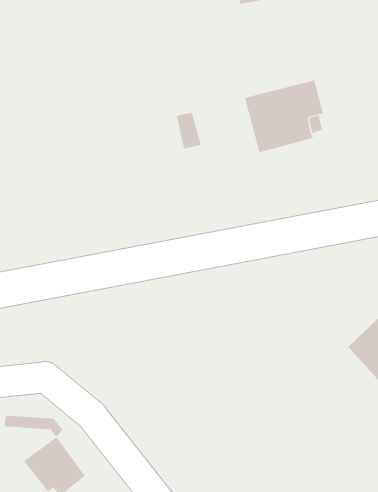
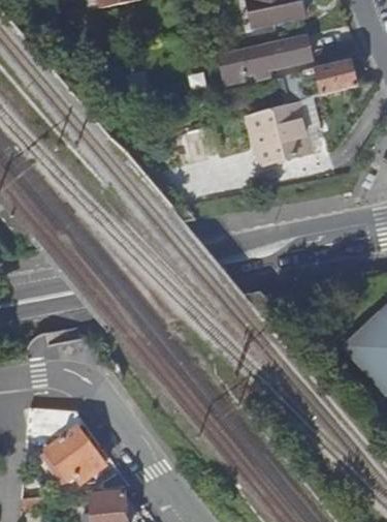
building: none -> [218,36,310,85]
building: none -> [302,61,356,95]

